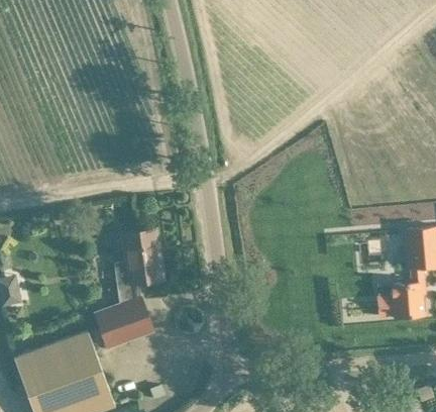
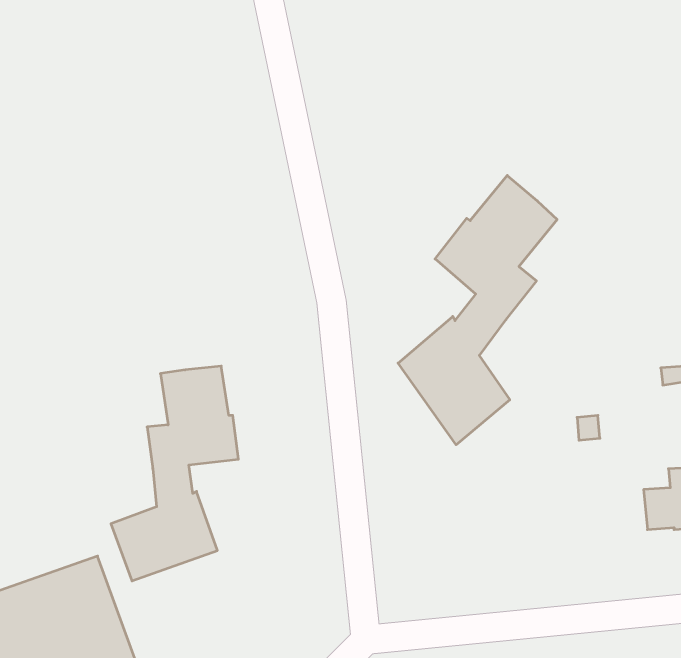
building: none -> [398,175,557,445]

